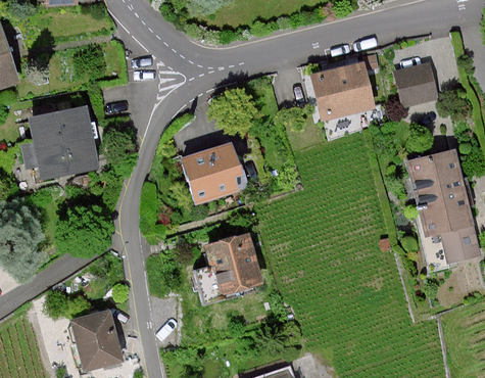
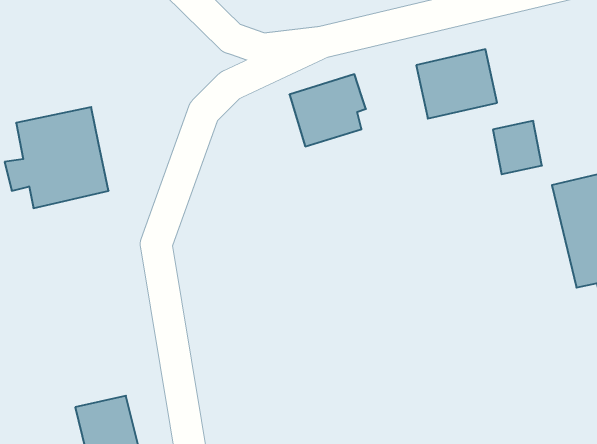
building: [398,65,433,103] -> [493,121,542,174]
building: [186,146,240,197] -> [289,74,366,146]
building: [211,235,261,292] -> none

